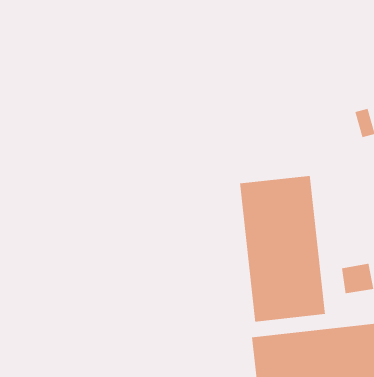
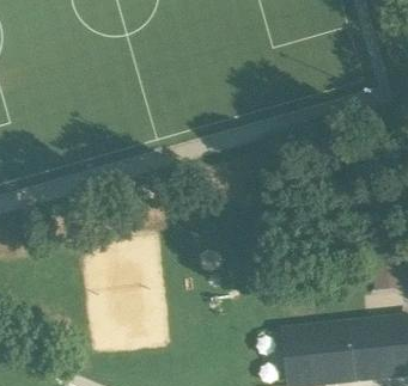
building: [240,175,326,322] -> none

